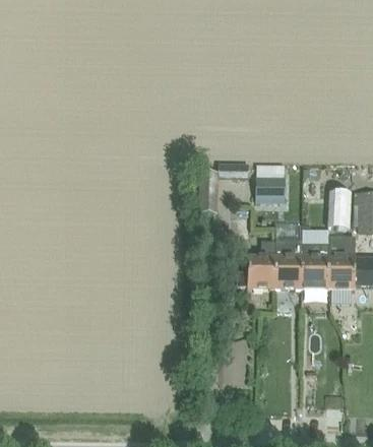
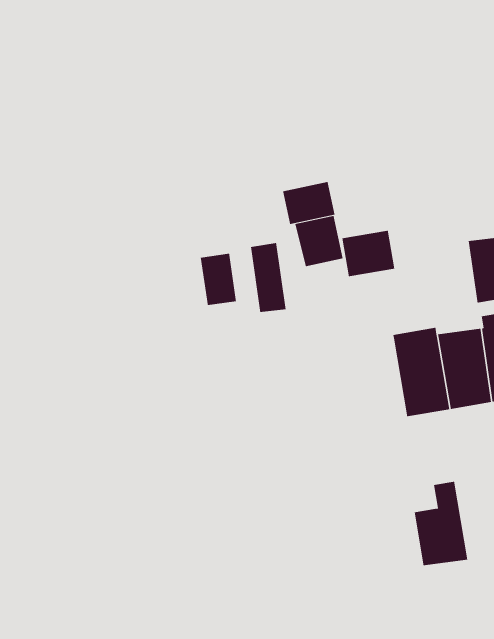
building: none -> [283,181,335,225]
building: none -> [200,253,236,306]
building: [248,243,275,291] -> [414,481,468,566]

